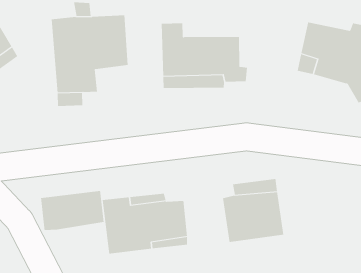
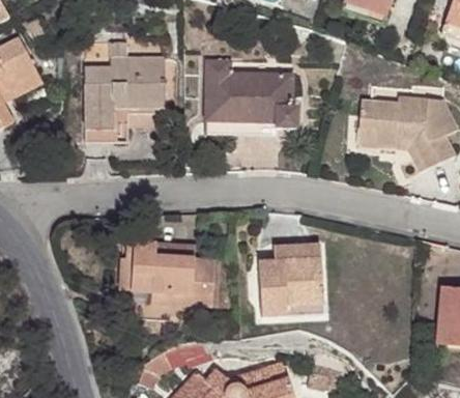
building: [41,190,104,231] -> none

